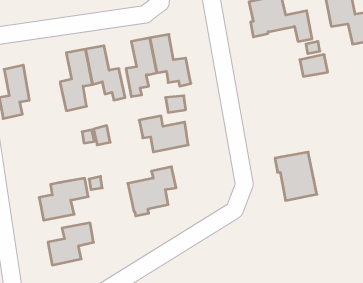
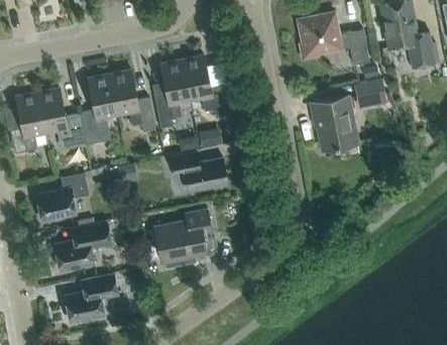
building: none -> [36,89,86,151]
building: none -> [35,176,88,221]
building: [275,152,317,200] -> [310,98,358,153]

